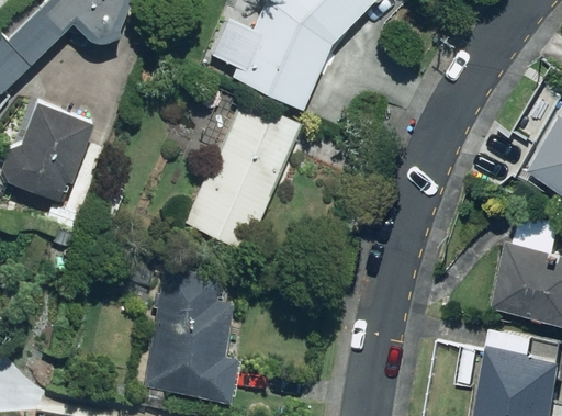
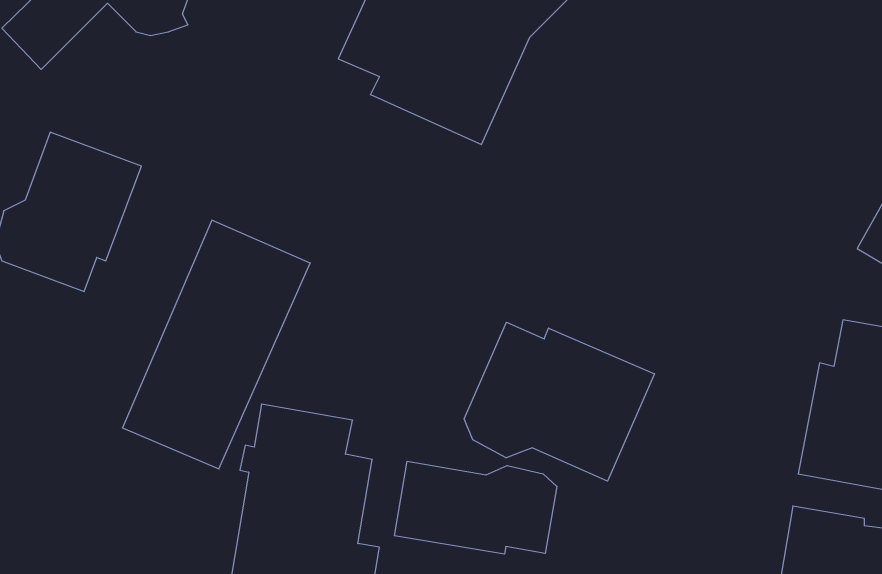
building: [186,99,301,251] -> [122,220,310,469]
building: none -> [464,322,654,481]
building: none -> [394,461,557,554]

